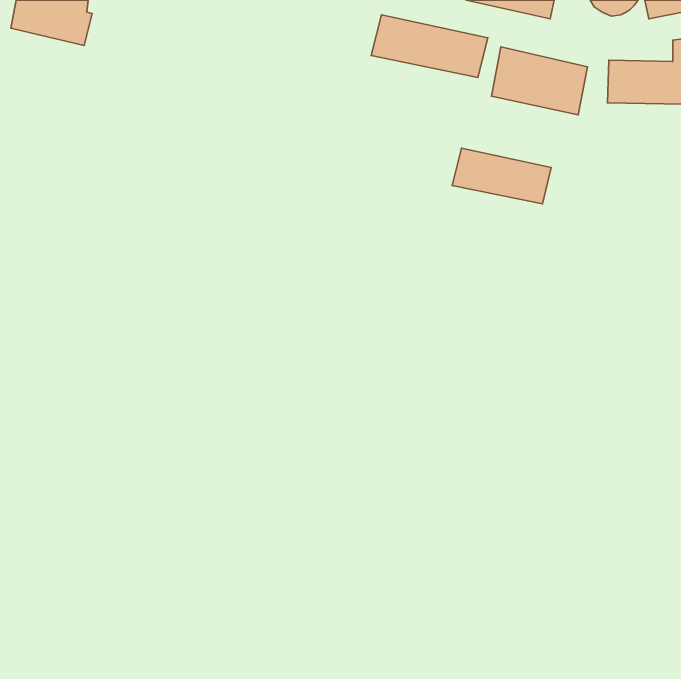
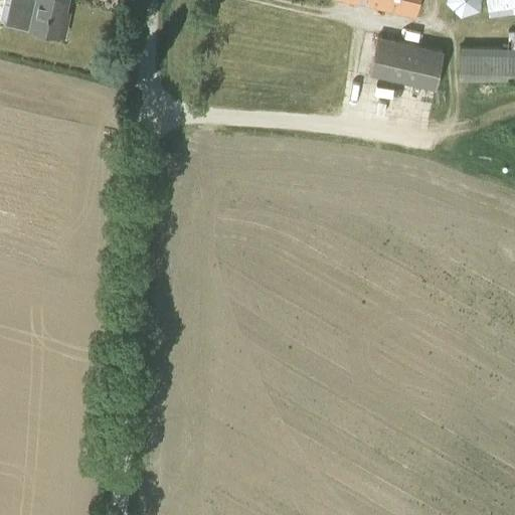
building: [371,15,488,77] -> none
building: [452,148,551,204] -> none

